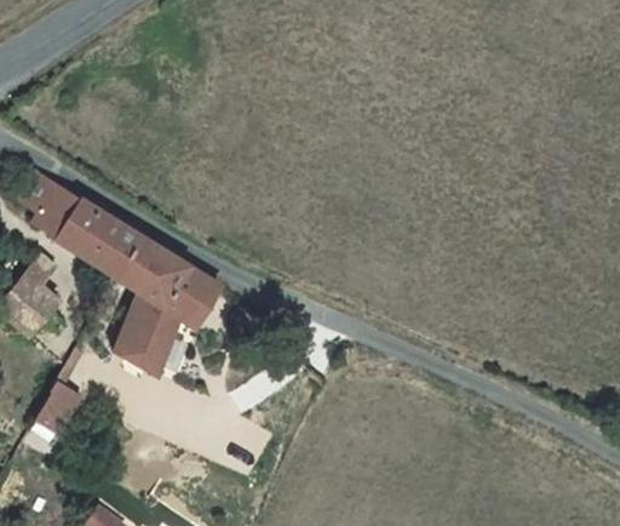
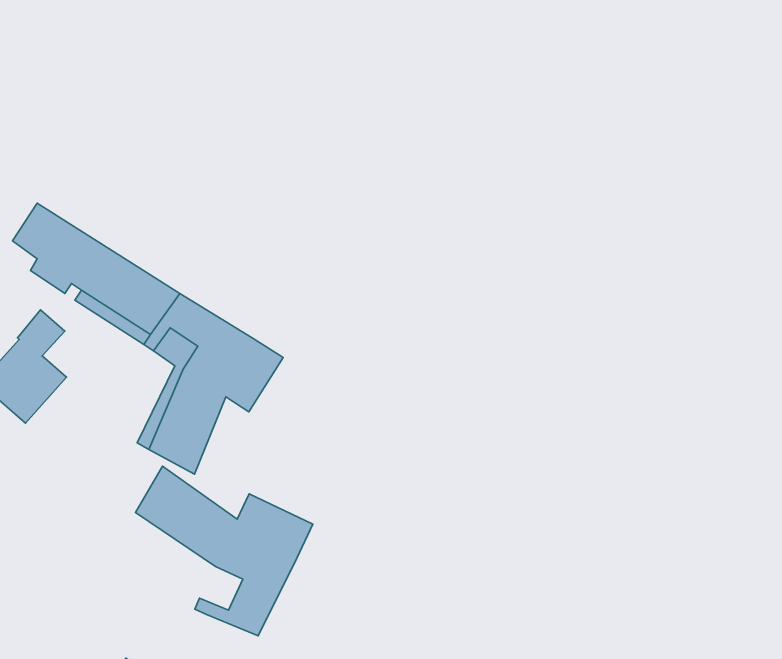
building: none -> [136,466,313,636]
building: [36,381,81,433] -> none

